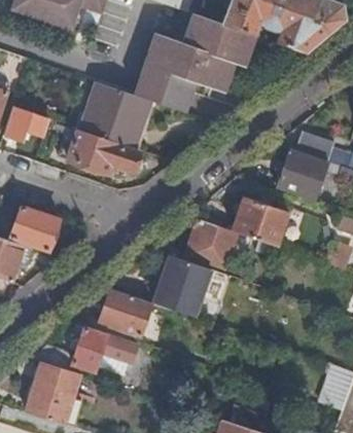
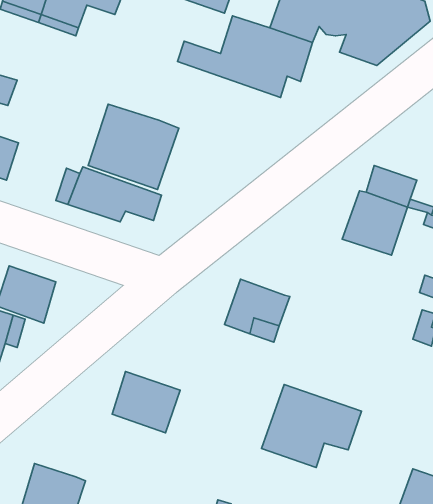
building: [137,49,231,112] -> none
building: [234,195,289,245] -> none
building: [153,253,231,317] -> [261,385,362,467]
building: [33,326,138,374] -> none

